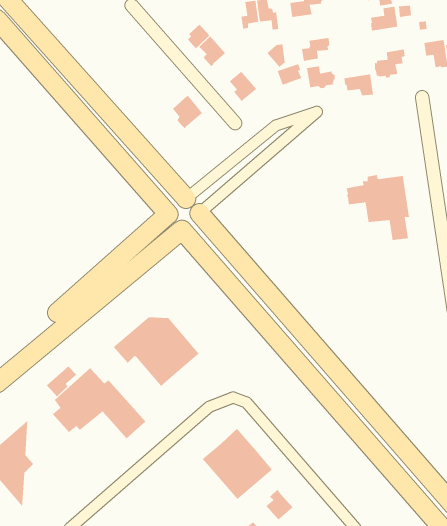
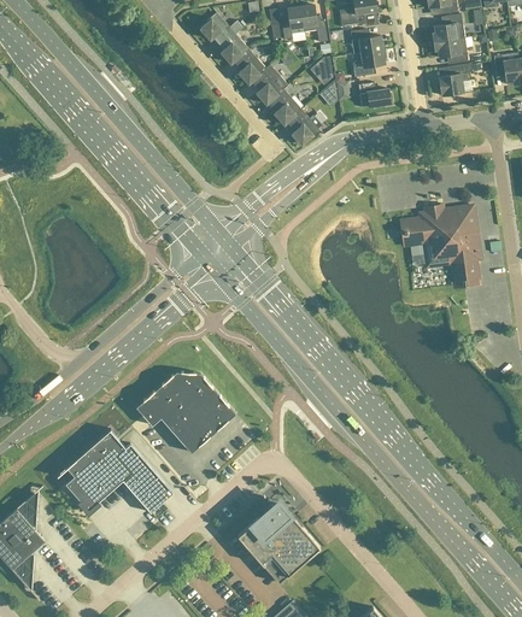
building: none -> [200,13,242,47]
building: none -> [350,30,385,55]
building: [344,74,374,96] -> [433,39,468,64]
building: none -> [287,110,321,146]
building: [172,95,203,130] -> [252,65,287,105]
building: [46,365,77,398] -> none
building: [265,489,294,520] -> none

